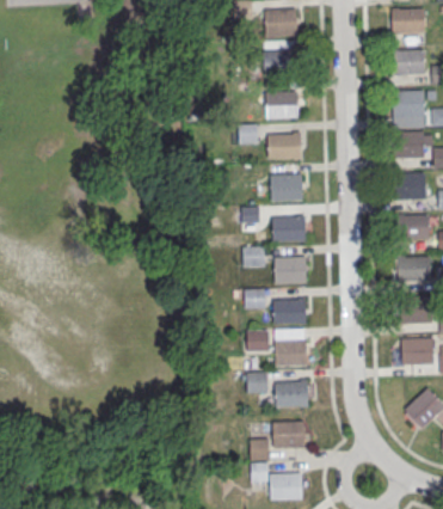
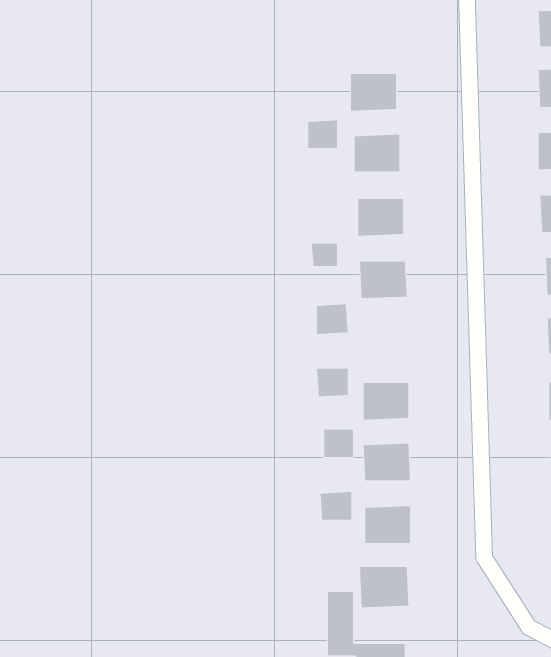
building: [265,50,296,75] -> none
building: [275,257,306,282] -> none

